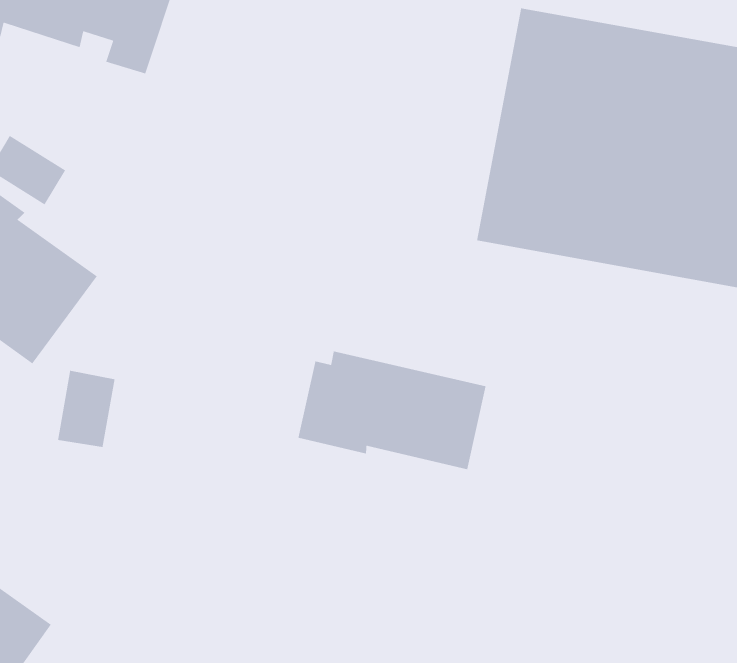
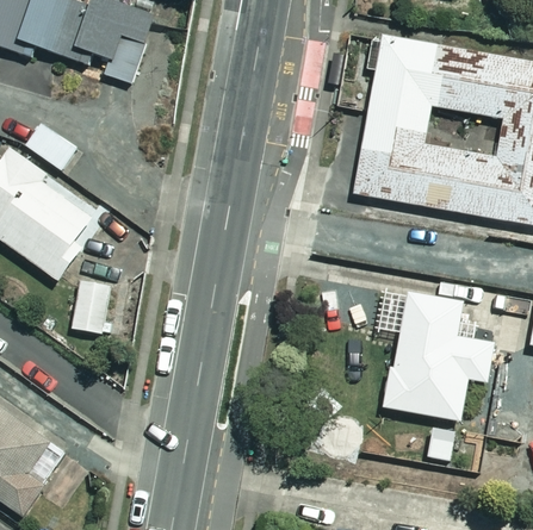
building: [298,351,486,470] -> none
building: none -> [384,293,495,423]

